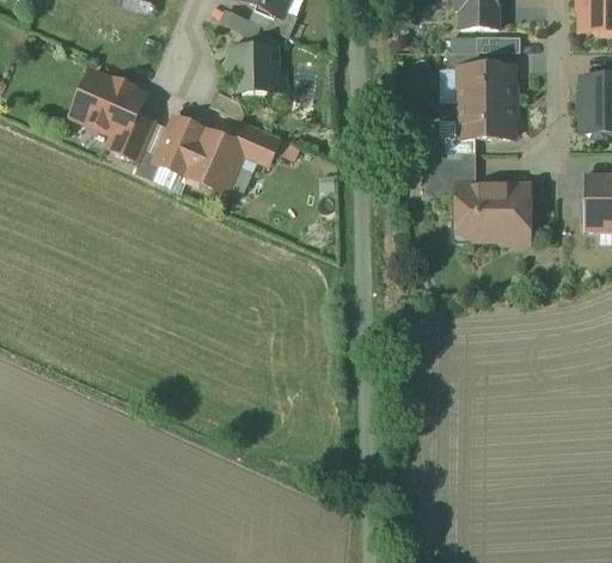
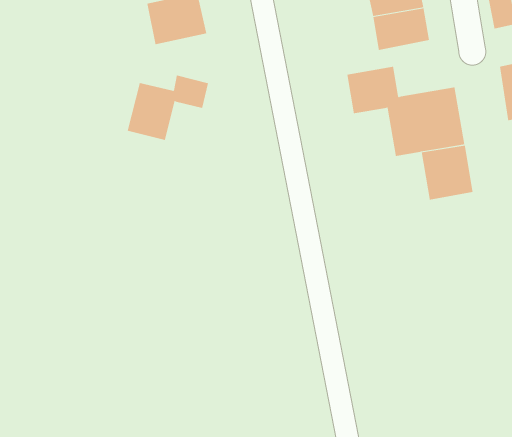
building: [72,67,155,159] -> none
building: [152,110,207,173] -> none
building: none -> [421,145,473,201]

